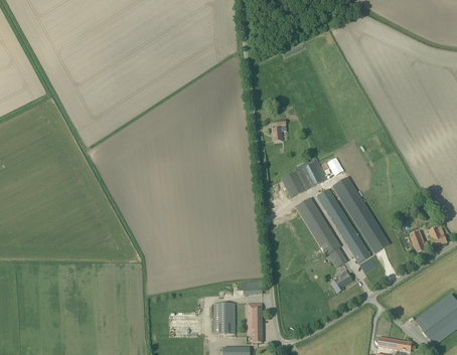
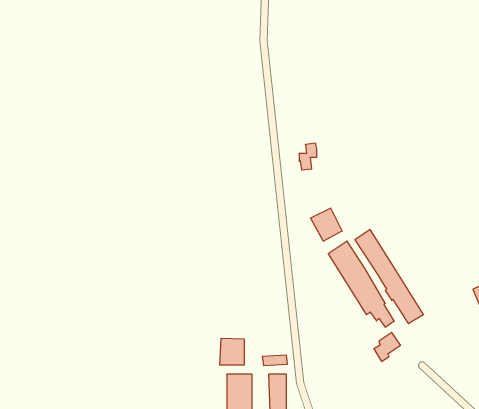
building: [300,156,327,186] -> none
building: [332,176,390,252] -> none
building: none -> [220,338,244,365]

